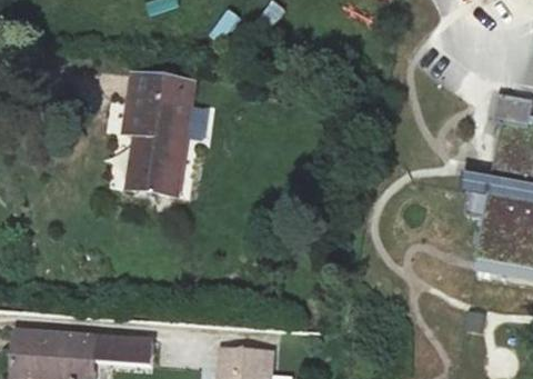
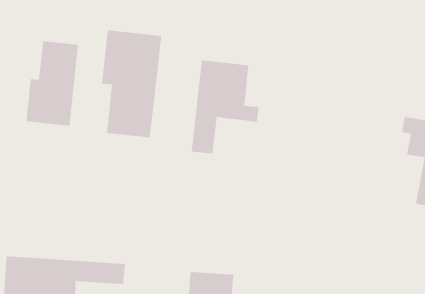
building: none -> [26,40,78,127]
building: none -> [191,60,259,154]

